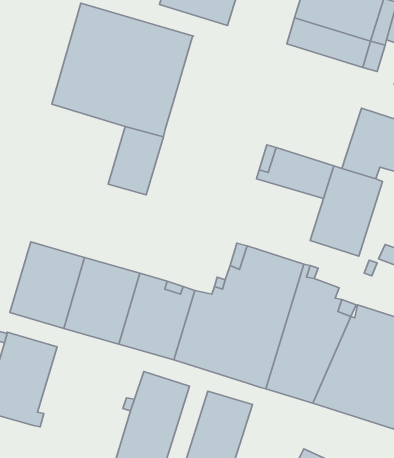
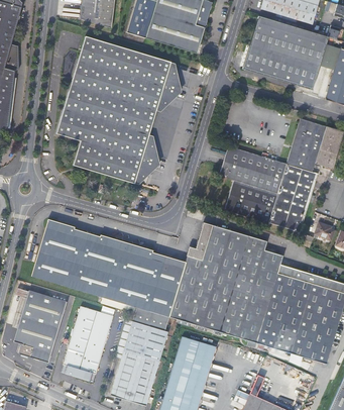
building: none -> [155,63,177,111]
building: none -> [55,114,118,176]
building: none -> [134,139,155,184]
building: none -> [218,172,270,219]
building: none -> [60,305,112,382]

